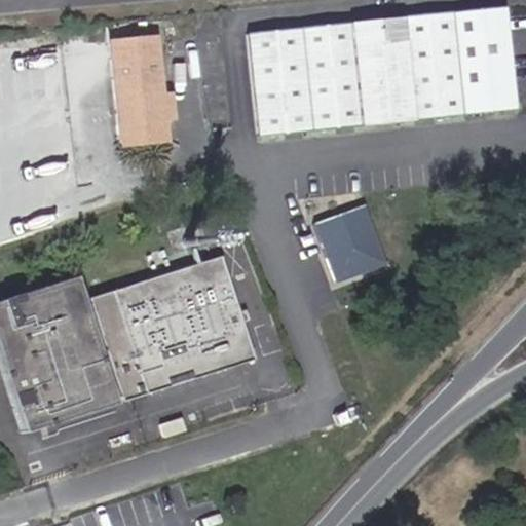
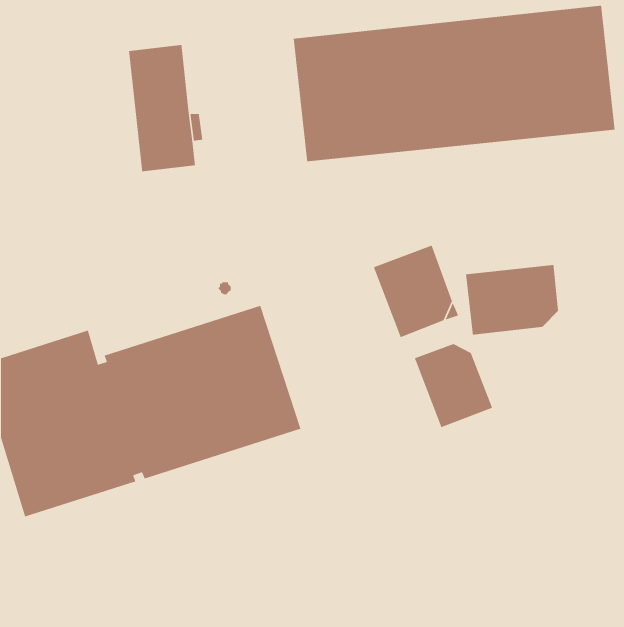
building: none -> [465,264,559,335]
building: none -> [414,343,493,428]

